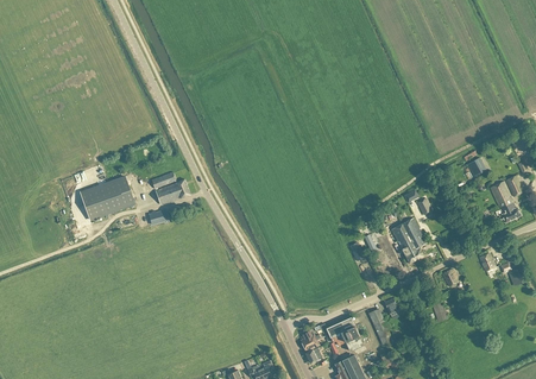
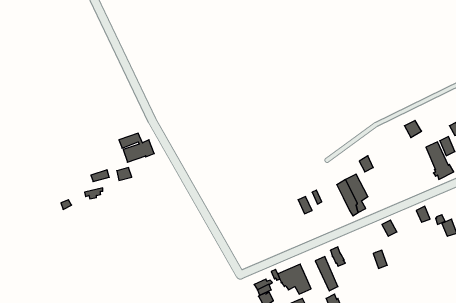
building: [78,176,133,219] -> none

